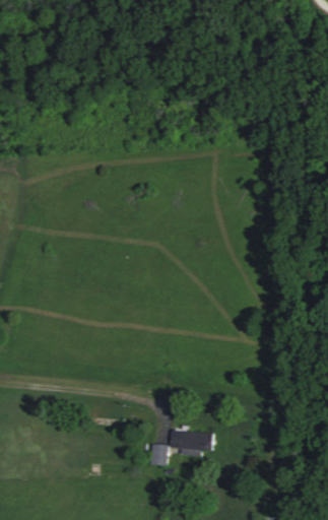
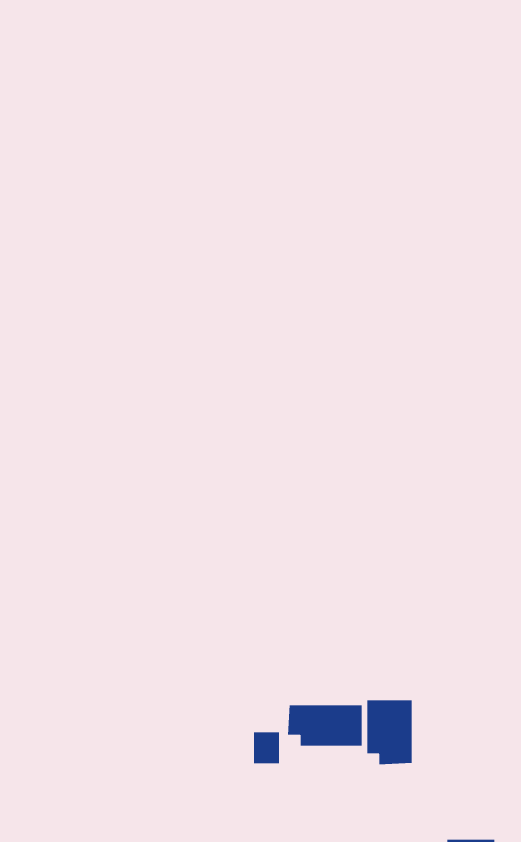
building: none -> [367,699,412,765]

